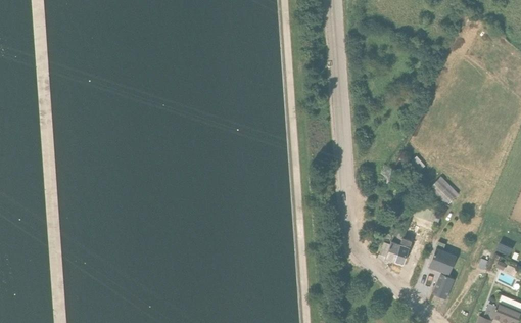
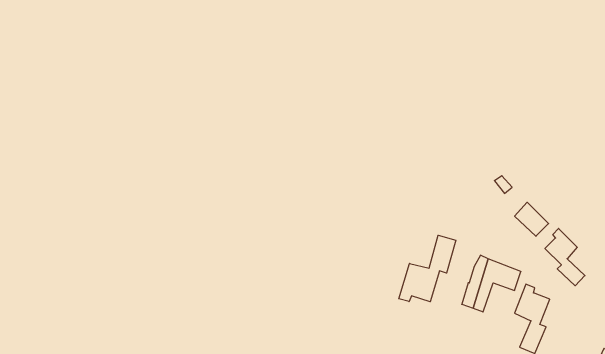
building: none -> [545,228,585,286]
building: none -> [399,235,456,302]

